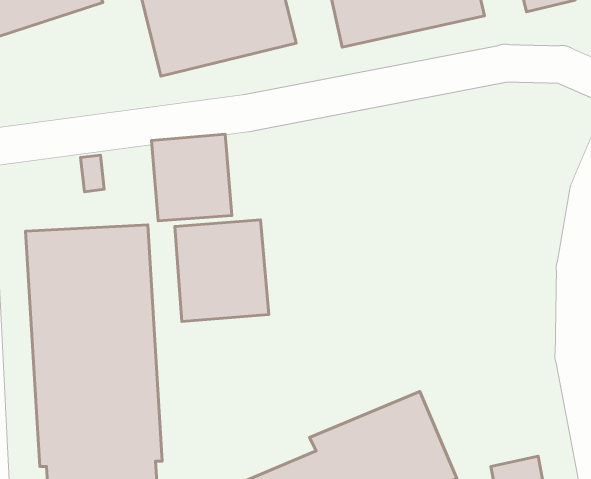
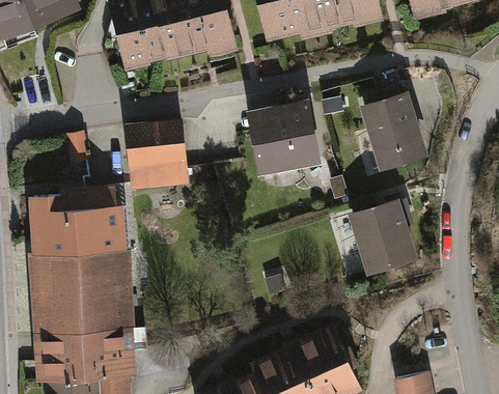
building: none -> [363,88,433,169]
building: none -> [250,98,324,174]
building: [175,220,269,322] -> none
building: none -> [349,200,418,276]

